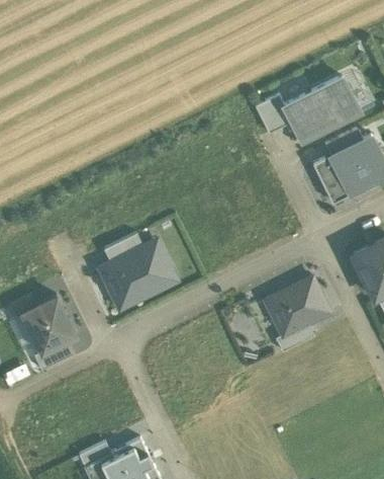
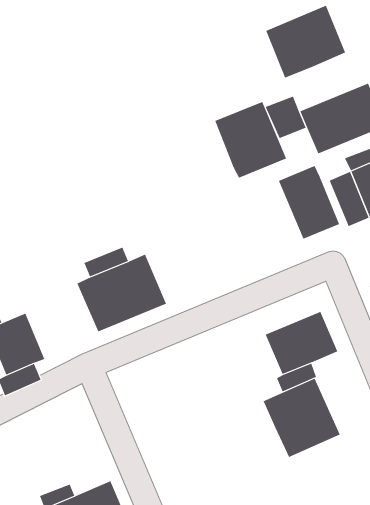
building: none -> [265,5,346,78]
building: none -> [215,101,287,178]
building: none -> [278,165,340,240]
building: none -> [263,378,341,458]

